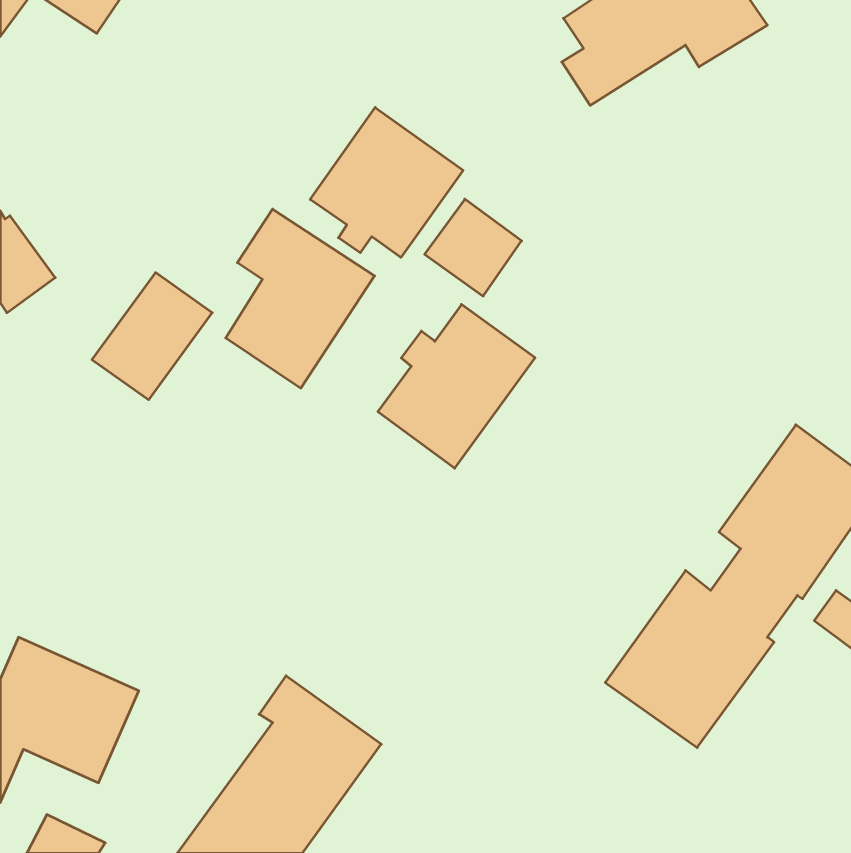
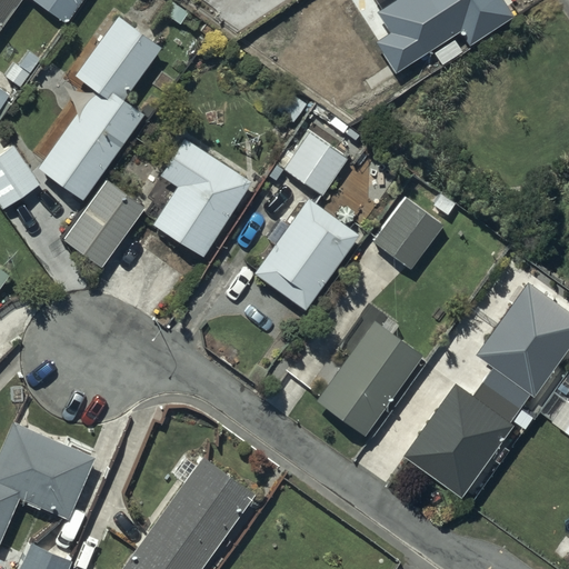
building: none -> [38,17,163,200]
building: [310,107,463,257] -> none
building: none -> [372,198,441,269]
building: none -> [316,323,421,437]

